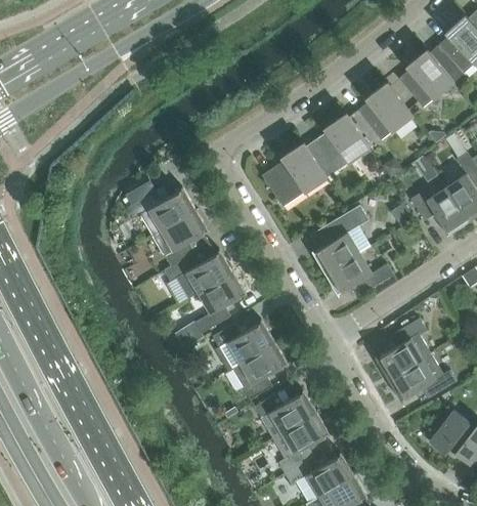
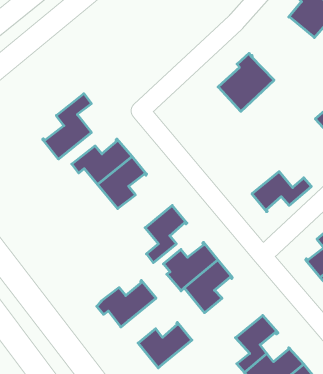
building: [356,83,413,140] -> none
building: none -> [43,94,91,159]
building: [261,143,327,208] -> none
building: [311,216,370,273] -> none
building: [164,250,232,299] -> [97,280,156,327]
building: [254,390,315,438] -> [138,322,192,368]

